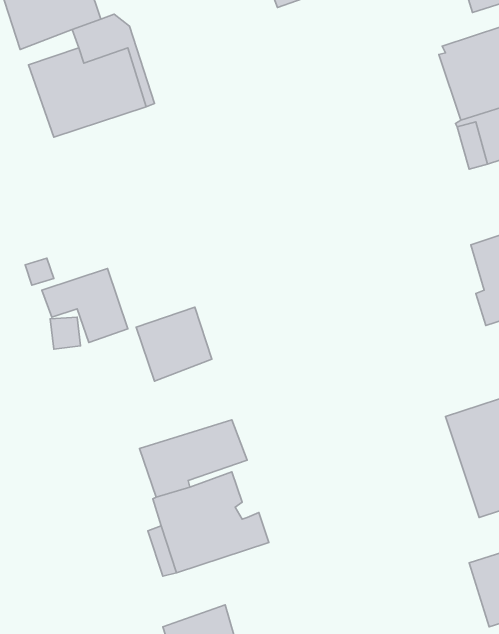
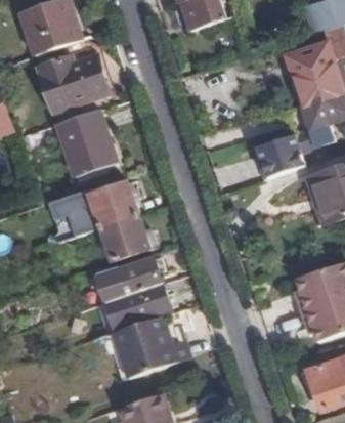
building: none -> [58,108,117,176]
building: none -> [253,134,302,178]
building: none -> [93,180,140,225]
building: none -> [97,257,163,299]

